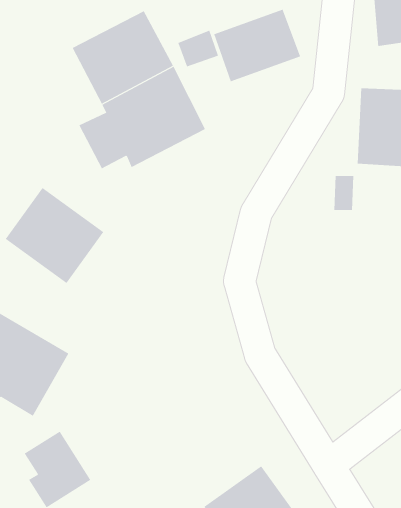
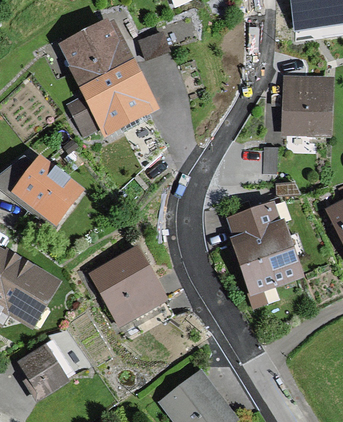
building: [214,9,301,82] -> none
building: none -> [225,200,302,306]
building: none -> [89,247,169,327]

